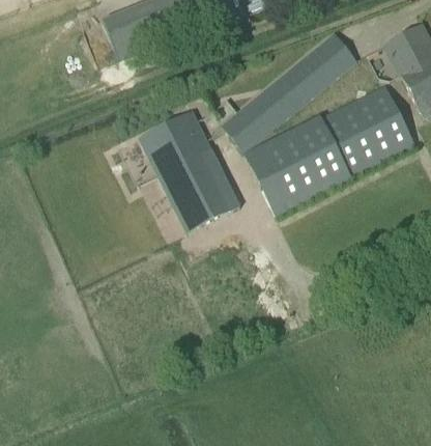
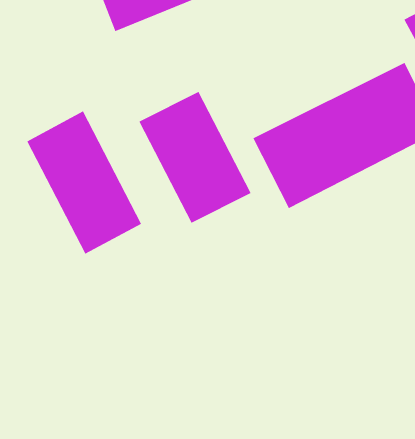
building: [221,31,356,152] -> none
building: none -> [27,111,142,255]

